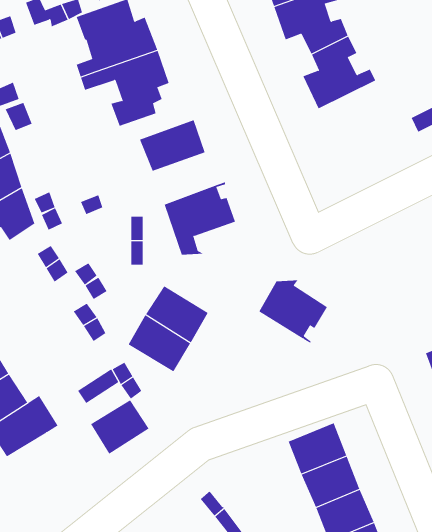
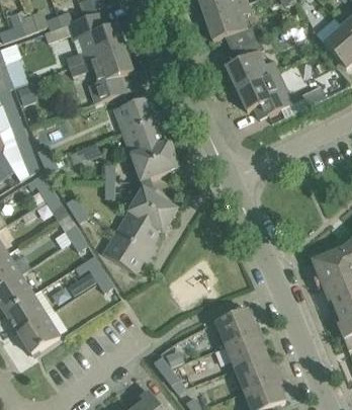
building: none -> [237,68,293,117]
building: none -> [120,118,166,155]
building: [258,280,328,343] -> [128,189,177,234]
building: [90,400,149,454] -> [18,315,60,353]

